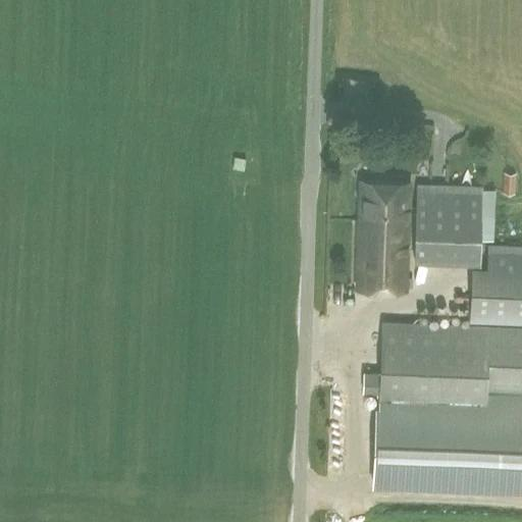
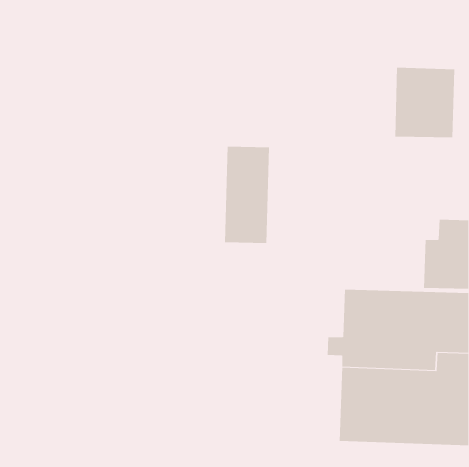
building: [358,182,409,291] -> [224,146,270,244]
building: [415,185,482,263] -> [394,67,455,138]

